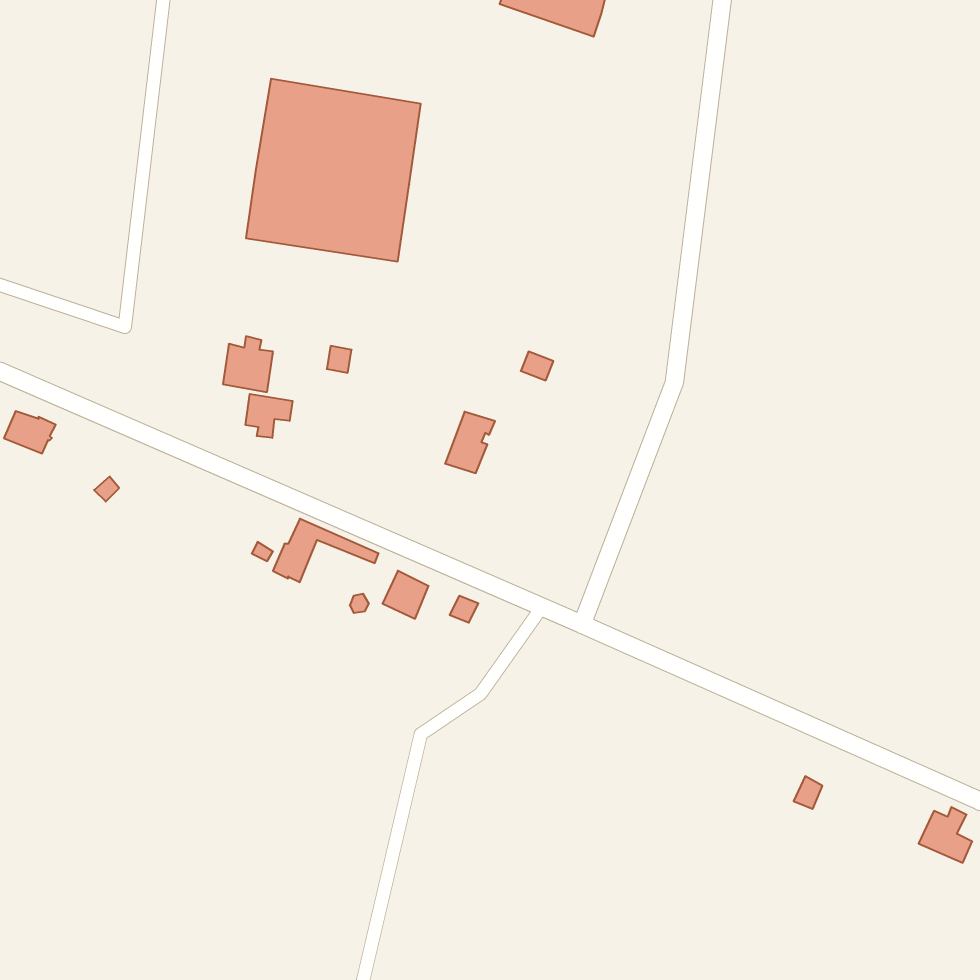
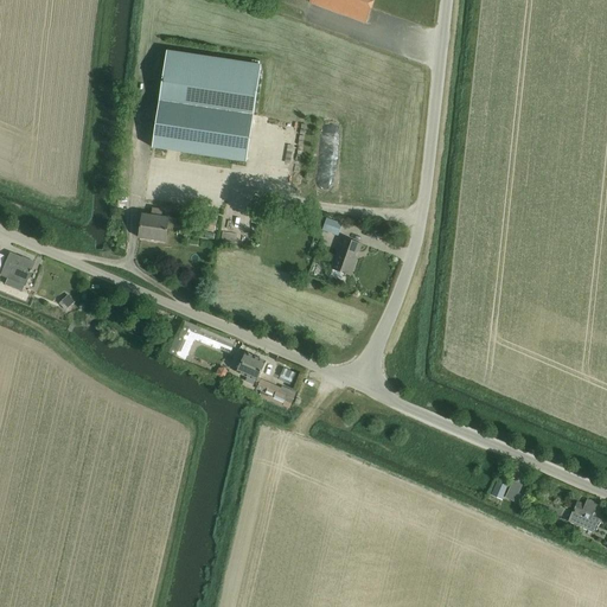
building: [246,394,293,438] -> none
building: [445,412,495,473] -> [331,237,362,275]
building: none -> [256,379,295,408]

